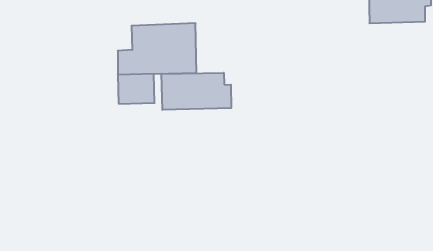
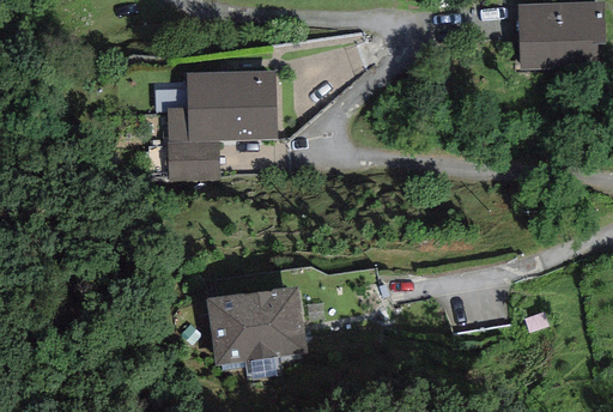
building: [162,73,231,110] -> none
building: none -> [206,285,306,362]

